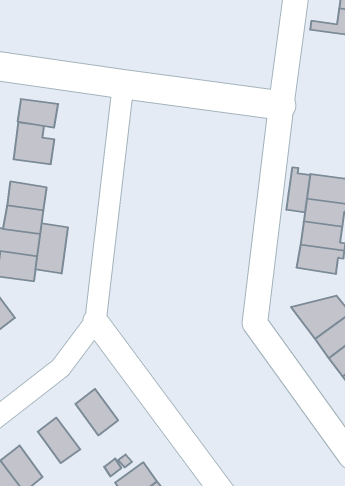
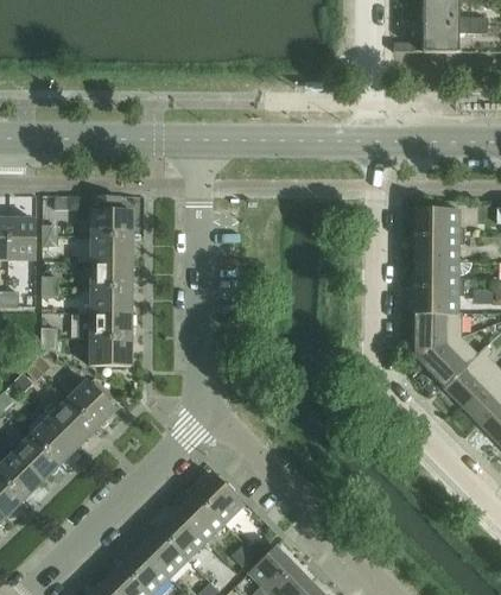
building: [18,99,58,128] -> [90,236,132,262]
building: [287,167,310,212] -> none
building: [36,223,68,274] -> none
building: none -> [413,312,462,356]
building: none -> [175,493,223,542]
building: none -> [139,528,186,577]

